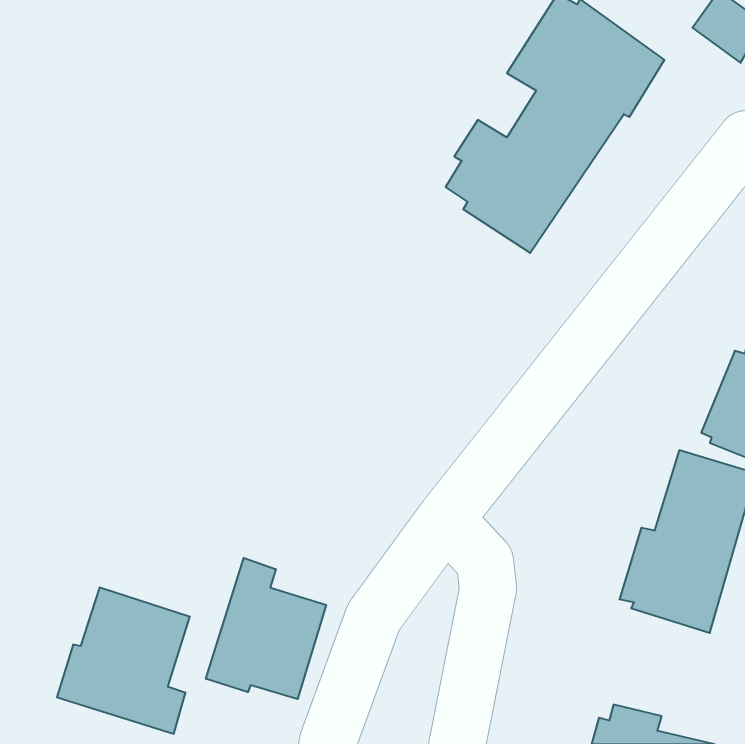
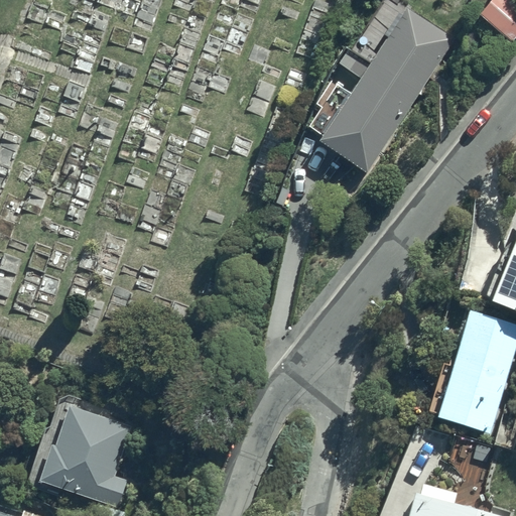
building: [206,558,326,699] -> none

